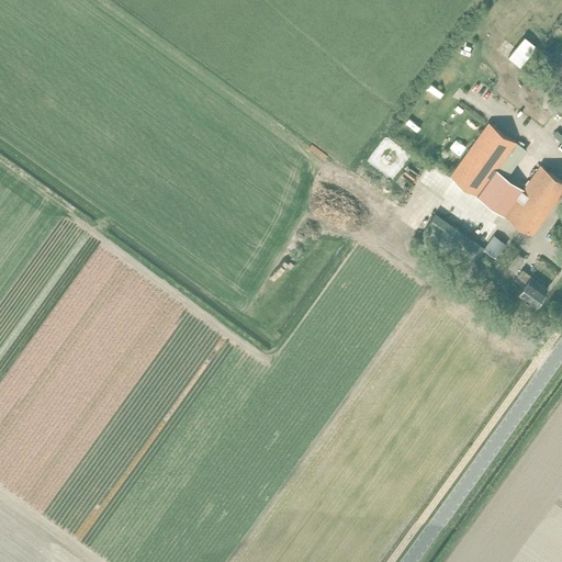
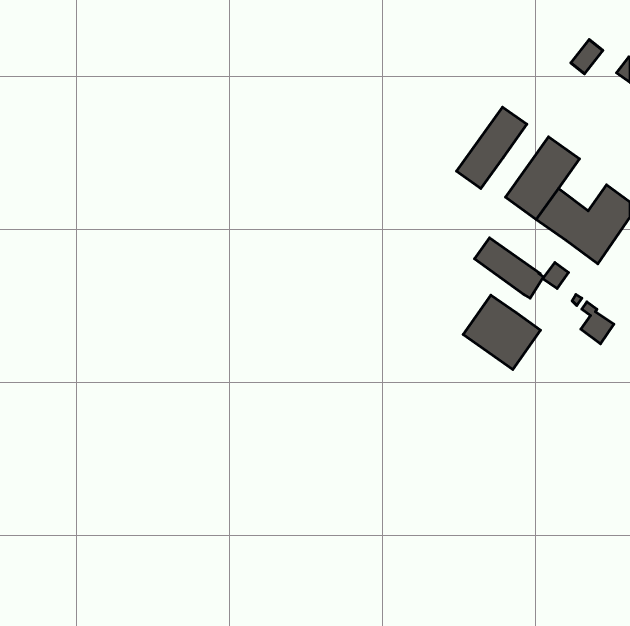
building: none -> [457,107,527,188]
building: none -> [463,295,540,369]

